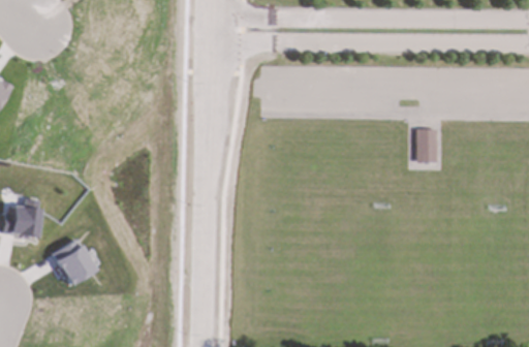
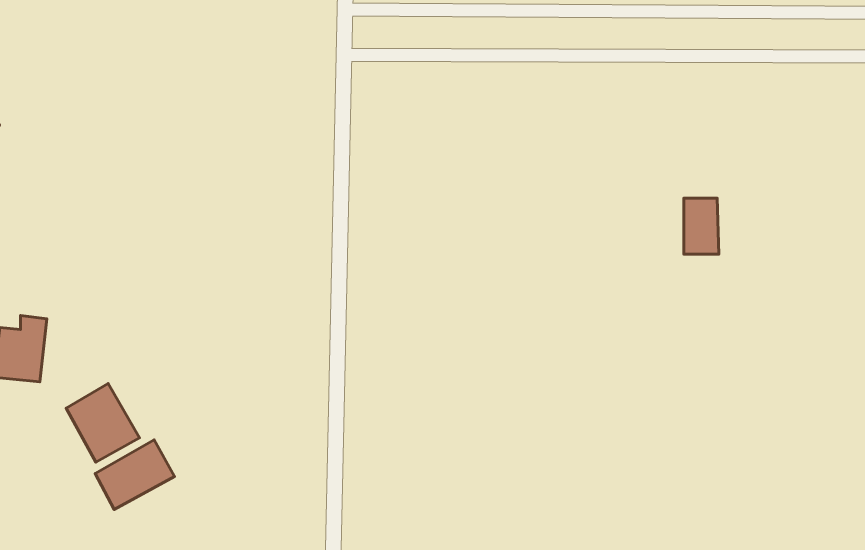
building: none -> [95,440,175,509]

